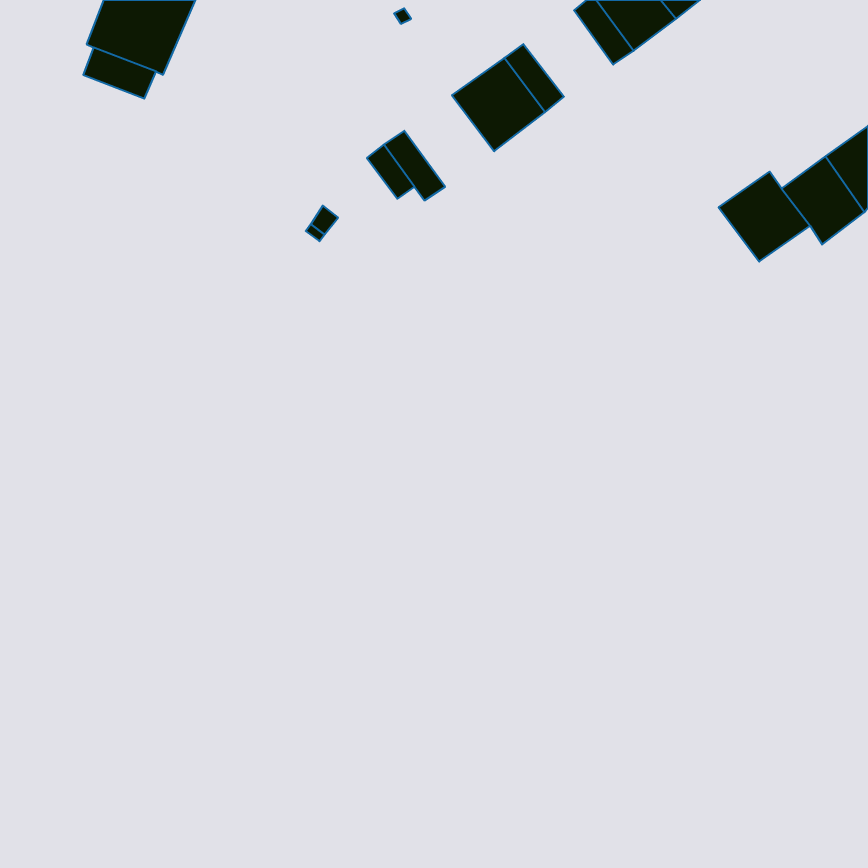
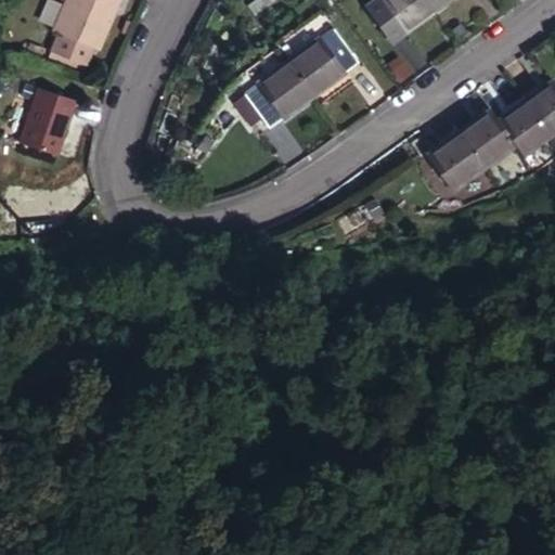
building: none -> [258,61,315,119]
building: none -> [23,88,76,154]
building: none -> [427,132,485,190]

